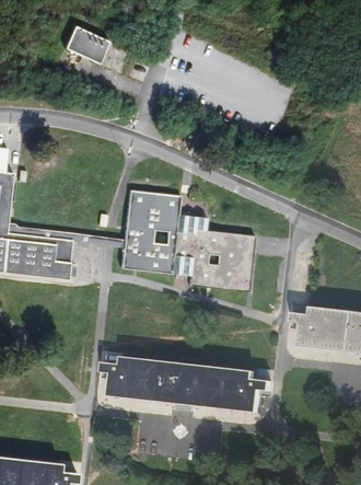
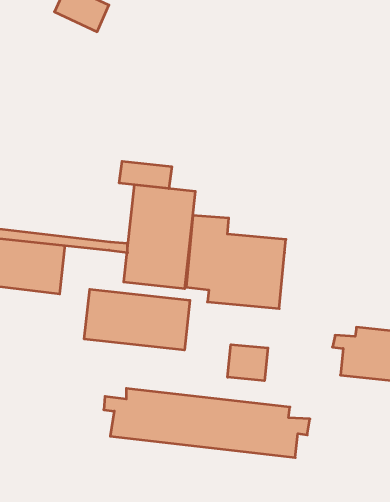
building: none -> [119,161,172,189]
building: none -> [84,289,190,350]
building: none -> [228,345,268,381]

